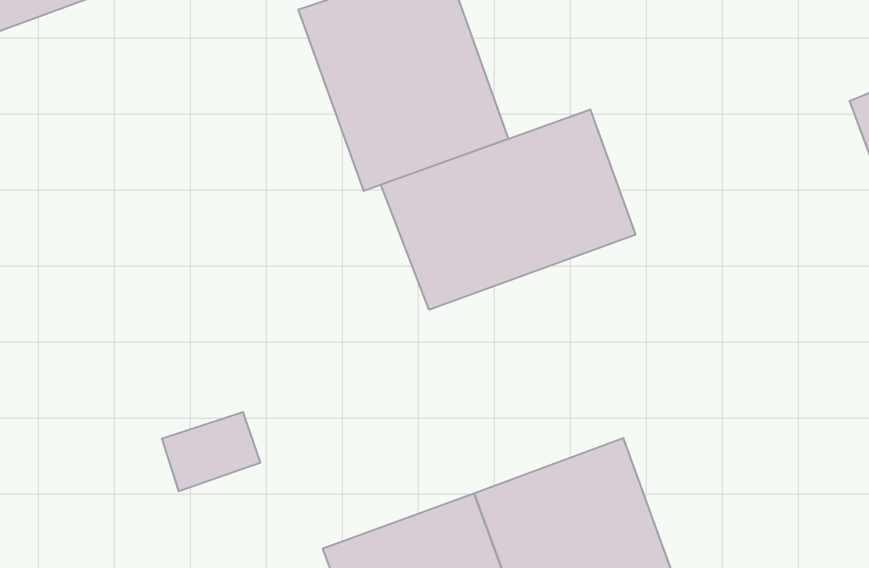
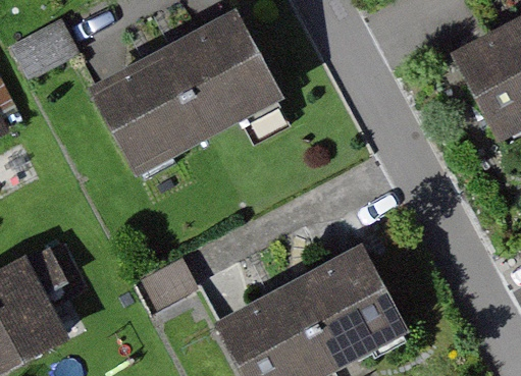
building: none -> [99,49,215,173]
building: [381,109,635,310] -> none

